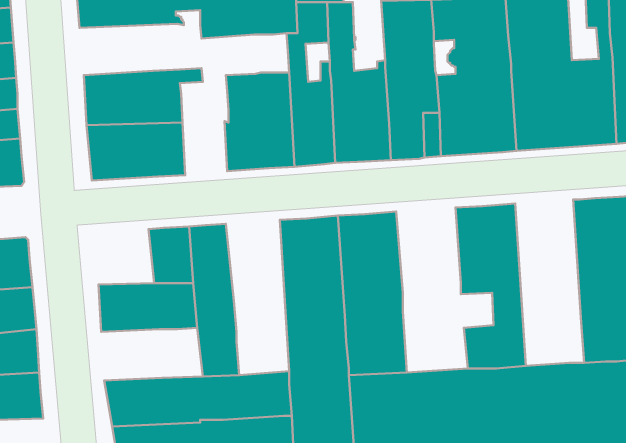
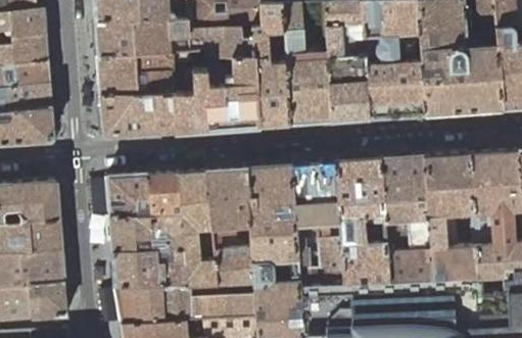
building: none -> [95,19,253,58]
building: none -> [173,70,207,134]
building: none -> [424,152,476,278]
building: none -> [334,158,388,283]
building: none -> [205,167,253,285]
building: none -> [106,175,151,216]
building: none -> [111,249,188,289]

